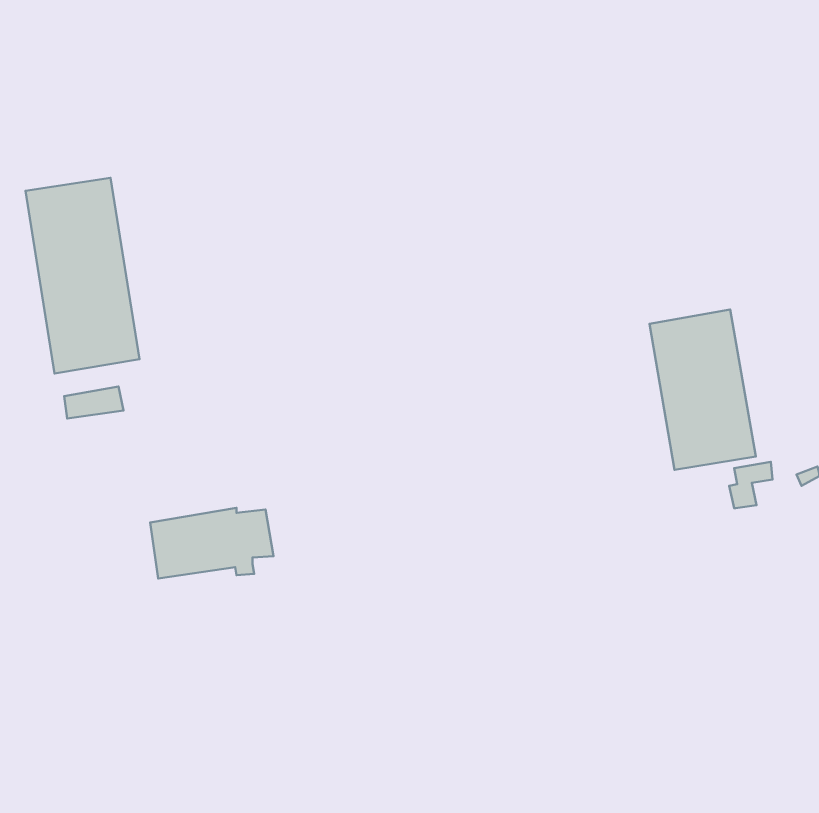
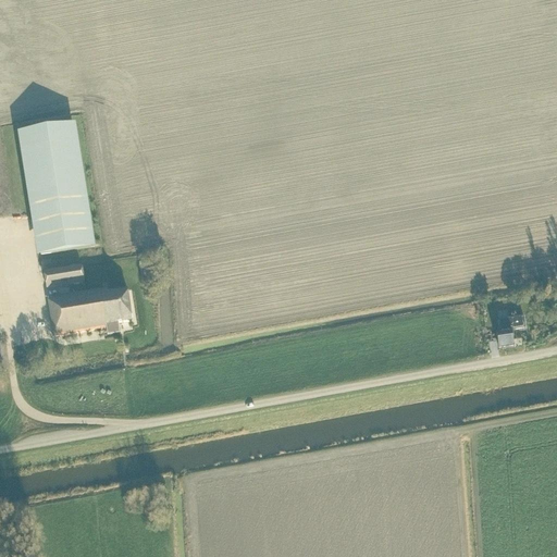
building: [649,309,756,470] -> none
building: [150,508,273,579] -> [48,285,132,333]

